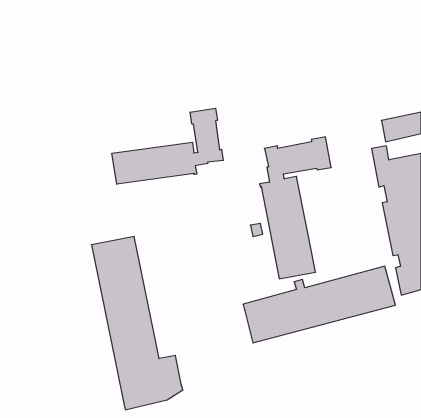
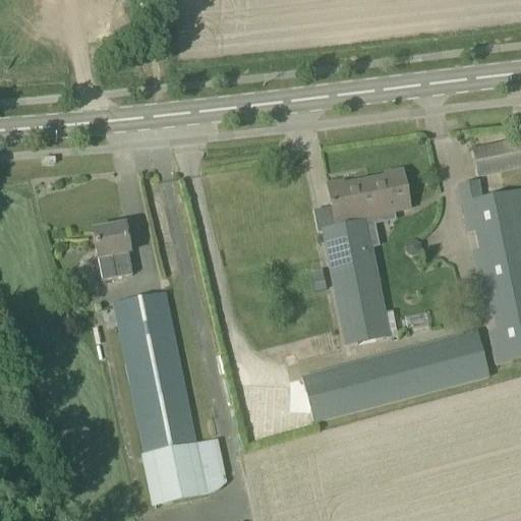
building: [112,108,223,184] -> none
building: none -> [93,224,131,278]

